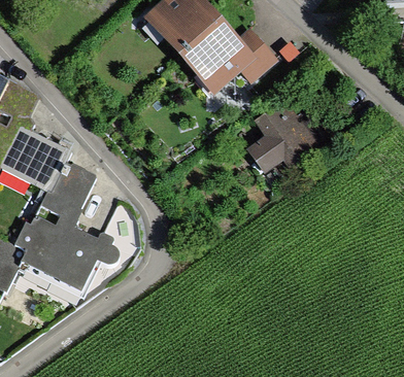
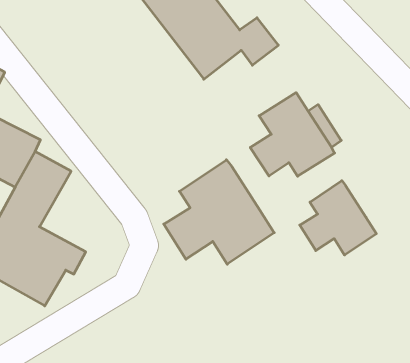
building: none -> [164,160,274,264]
building: none -> [300,181,376,255]

